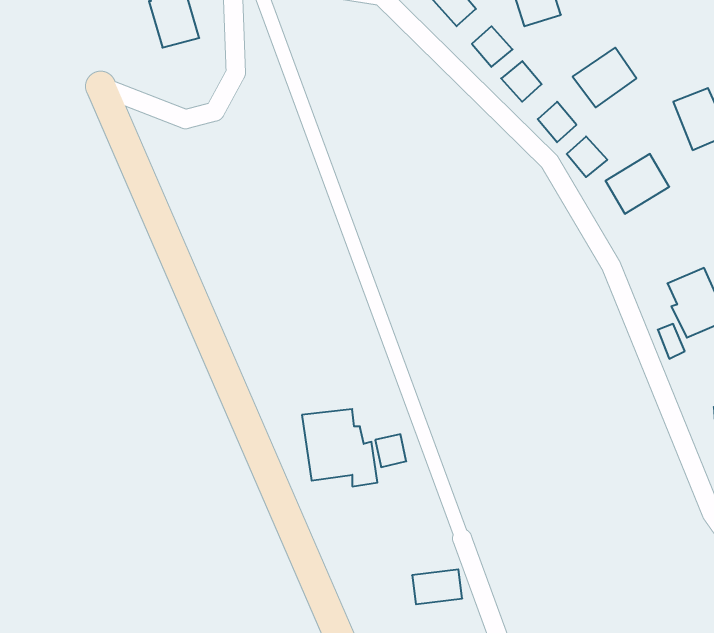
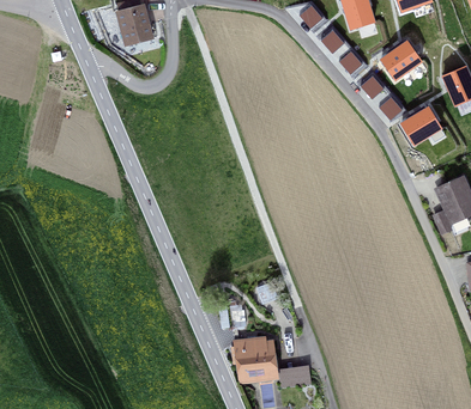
building: [302,409,377,486] -> [234,336,280,384]

